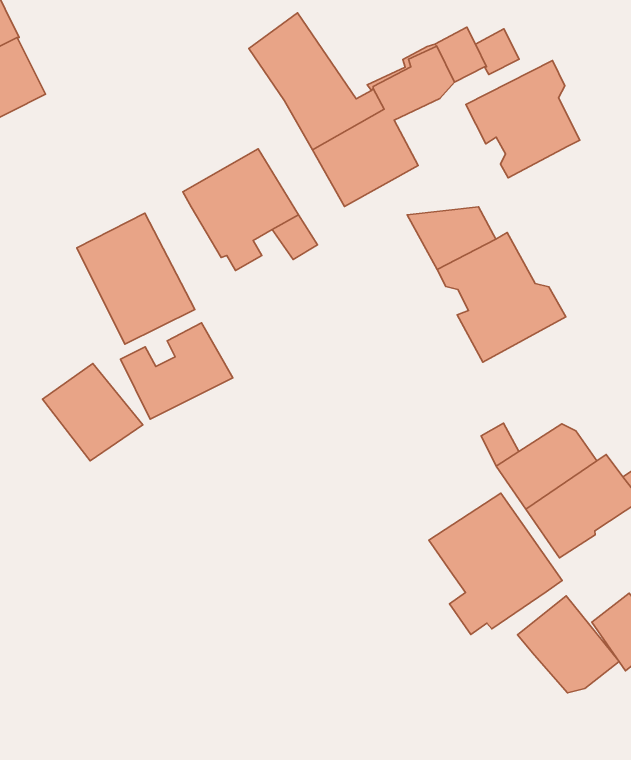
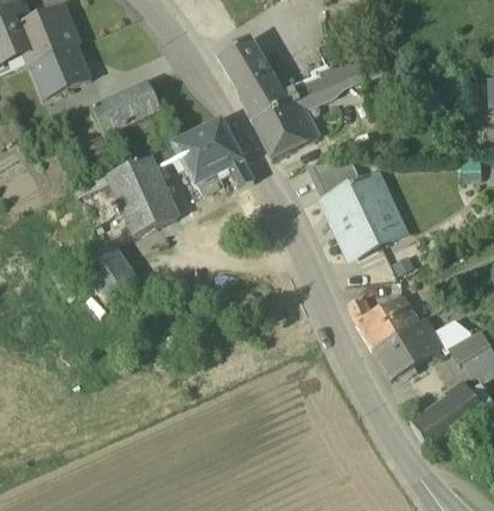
building: [466,60,580,178] -> none
building: none -> [93,77,163,133]
building: [121,323,233,419] -> none
building: [429,493,562,634] -> none
building: [518,596,619,693] -> none

